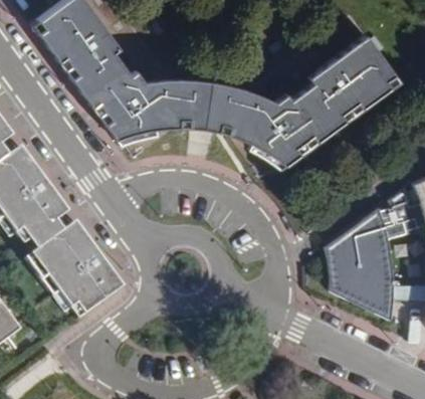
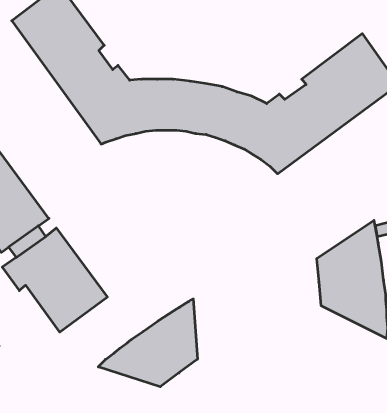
building: none -> [98,299,197,387]

